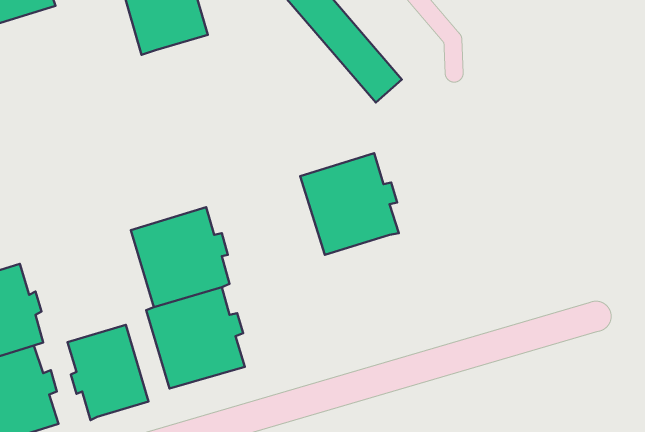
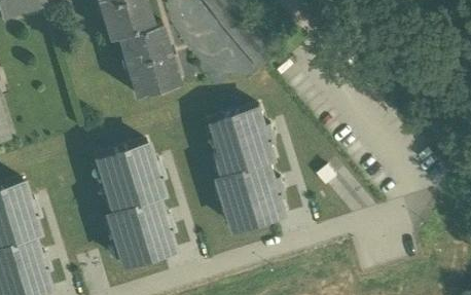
building: none -> [113,25,176,98]
building: none -> [219,160,286,228]
building: [67,325,148,420] -> none

